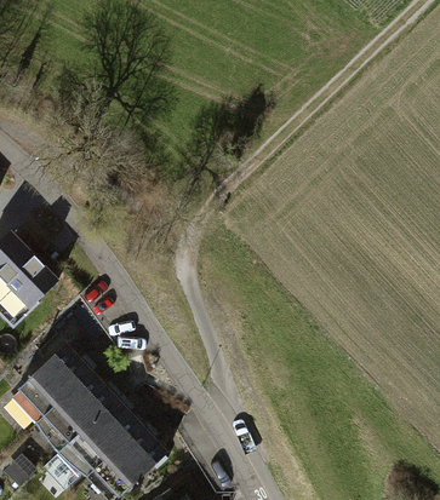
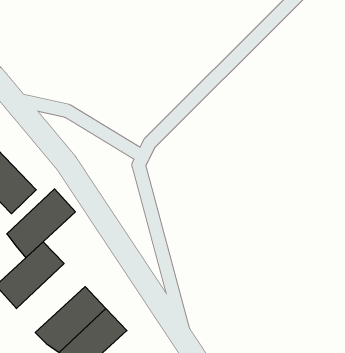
building: [33,370,116,454] -> [7,189,75,258]

